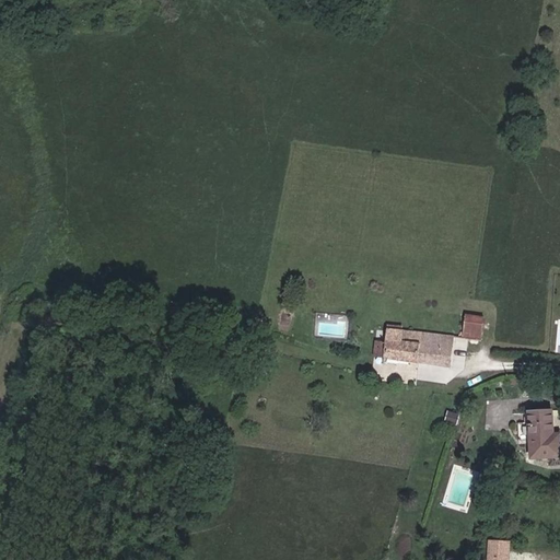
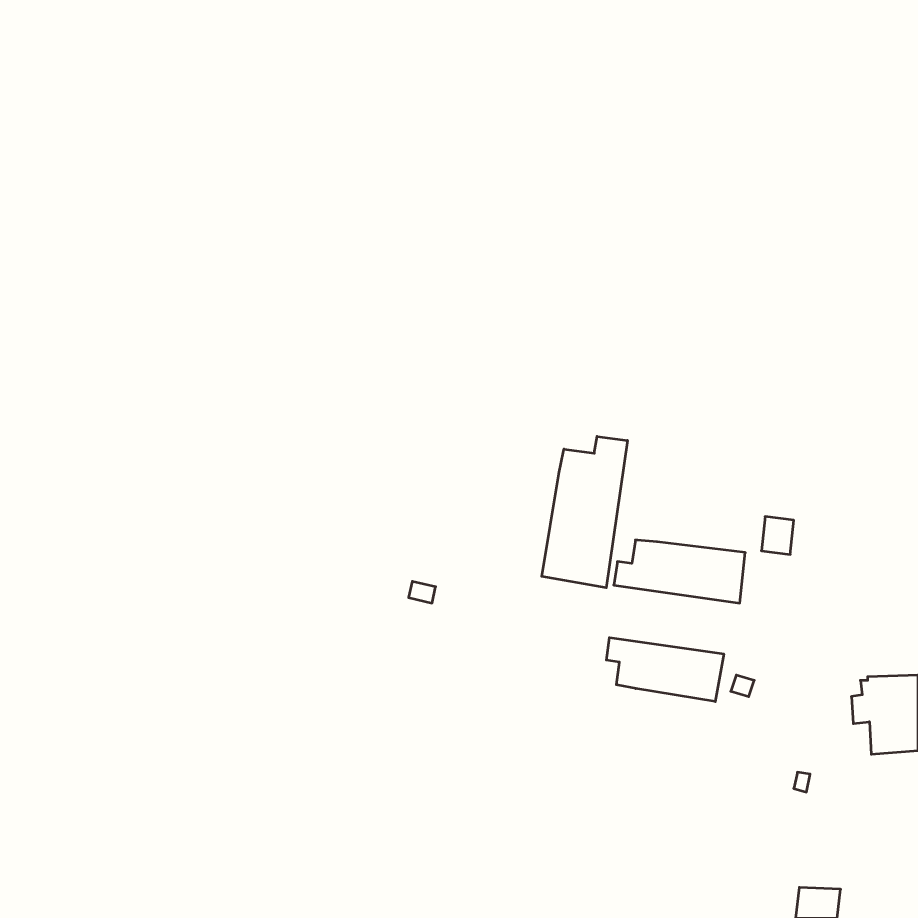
building: none -> [542,436,627,588]
building: none -> [606,638,724,702]

